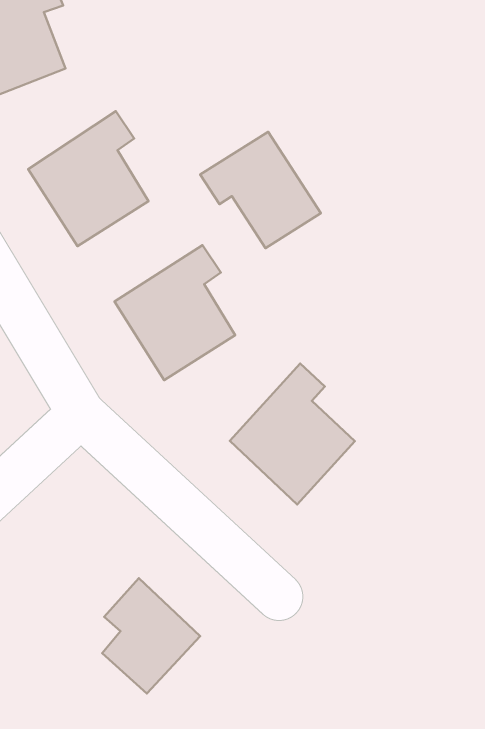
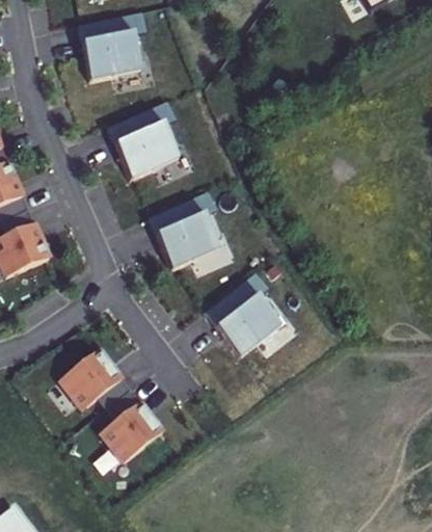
building: [200,132,321,248] -> none
building: none -> [60,347,131,408]

